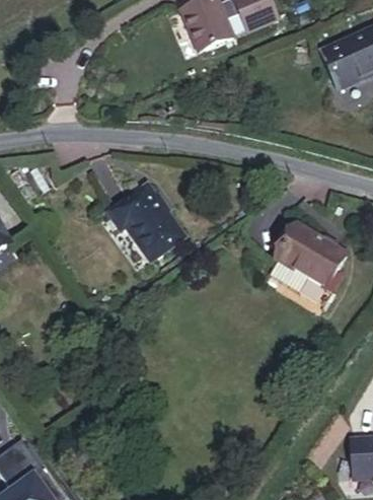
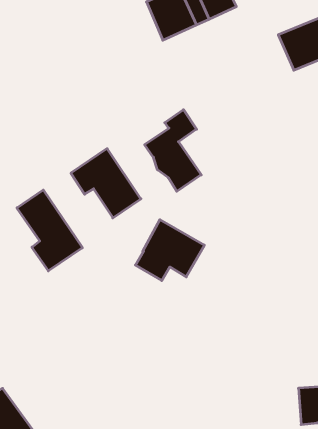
building: none -> [145,110,201,191]
building: none -> [17,190,82,271]
building: [272,222,349,290] -> [135,220,204,281]

